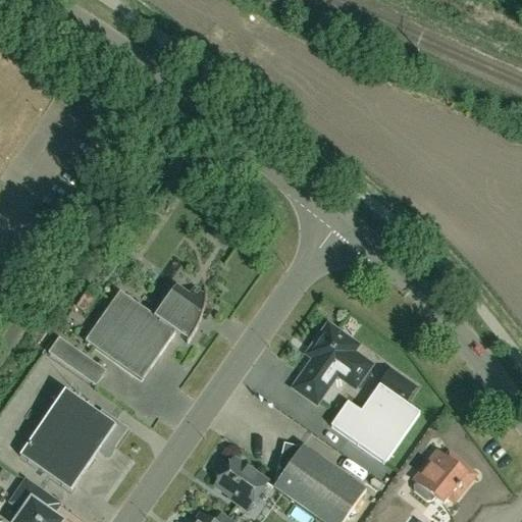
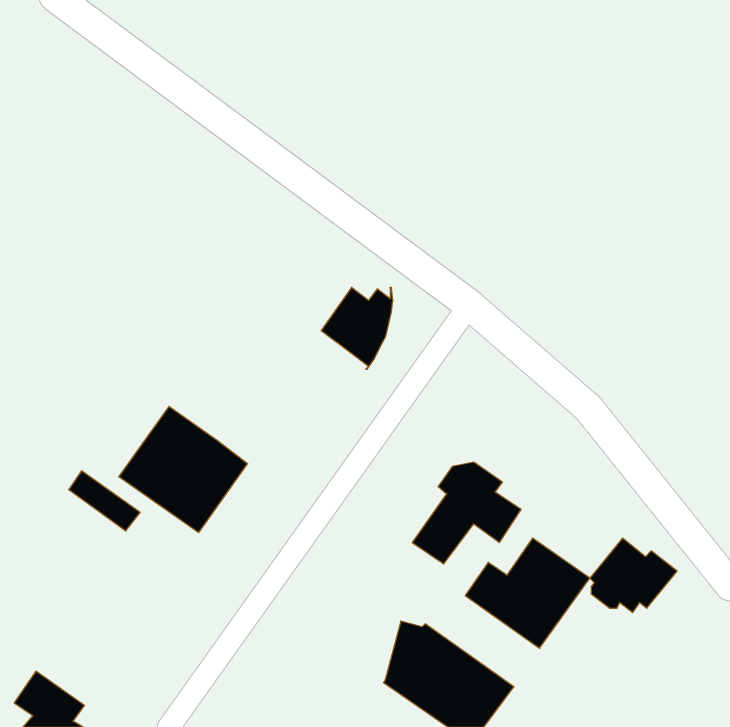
building: [155,283,206,342] -> [321,287,393,369]
building: [19,385,128,489] -> none
building: [413,450,475,503] -> [590,538,677,613]
building: [216,458,267,507] -> none

